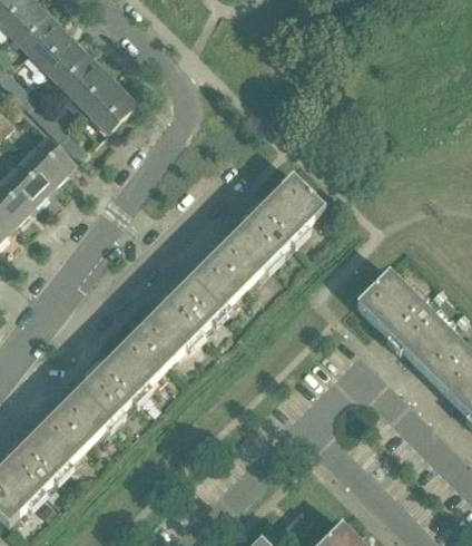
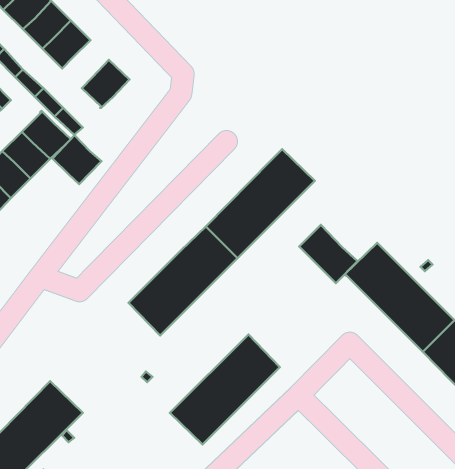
building: [67,64,115,113] -> none
building: none -> [52,135,102,184]
building: none -> [299,225,357,283]
building: [55,332,167,445] -> [170,334,280,445]

